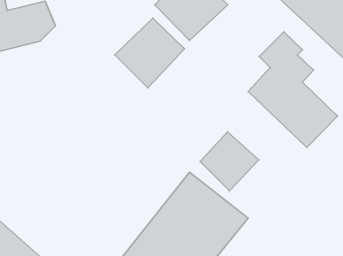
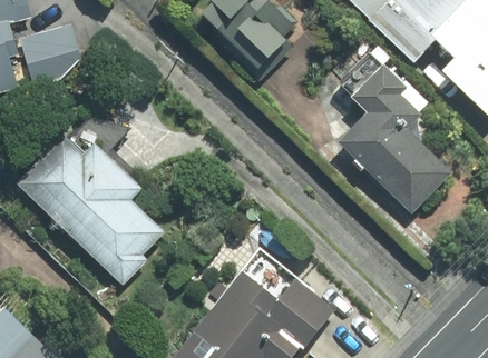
building: [115,18,185,88] -> none
building: none -> [14,133,173,286]
building: [200,132,259,191] -> none

